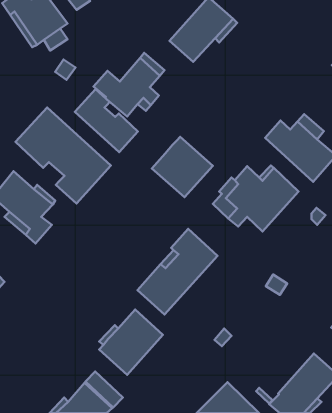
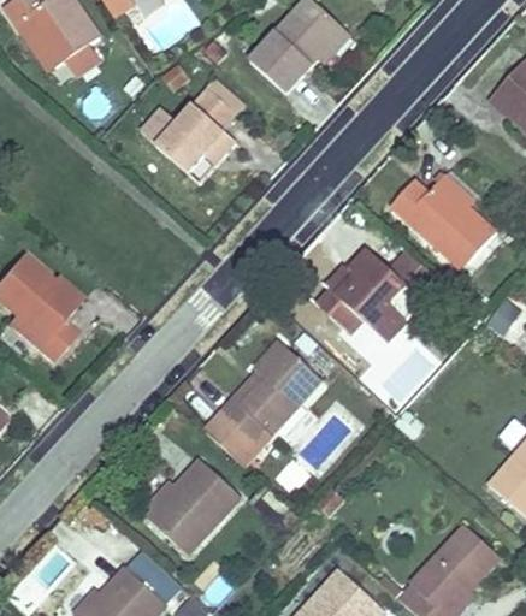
building: [75,89,138,152] -> none
building: [16,107,111,204] -> none
building: [152,137,213,197] -> none

